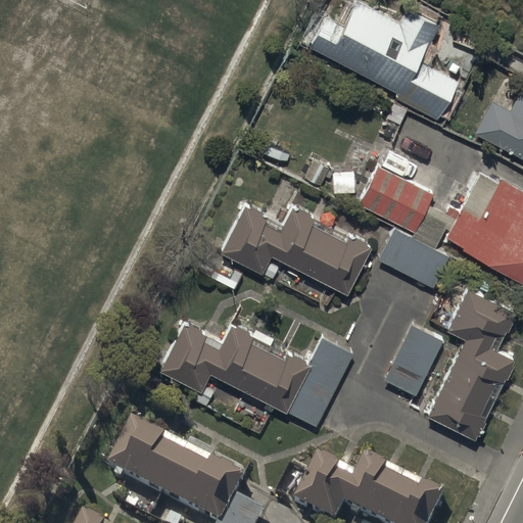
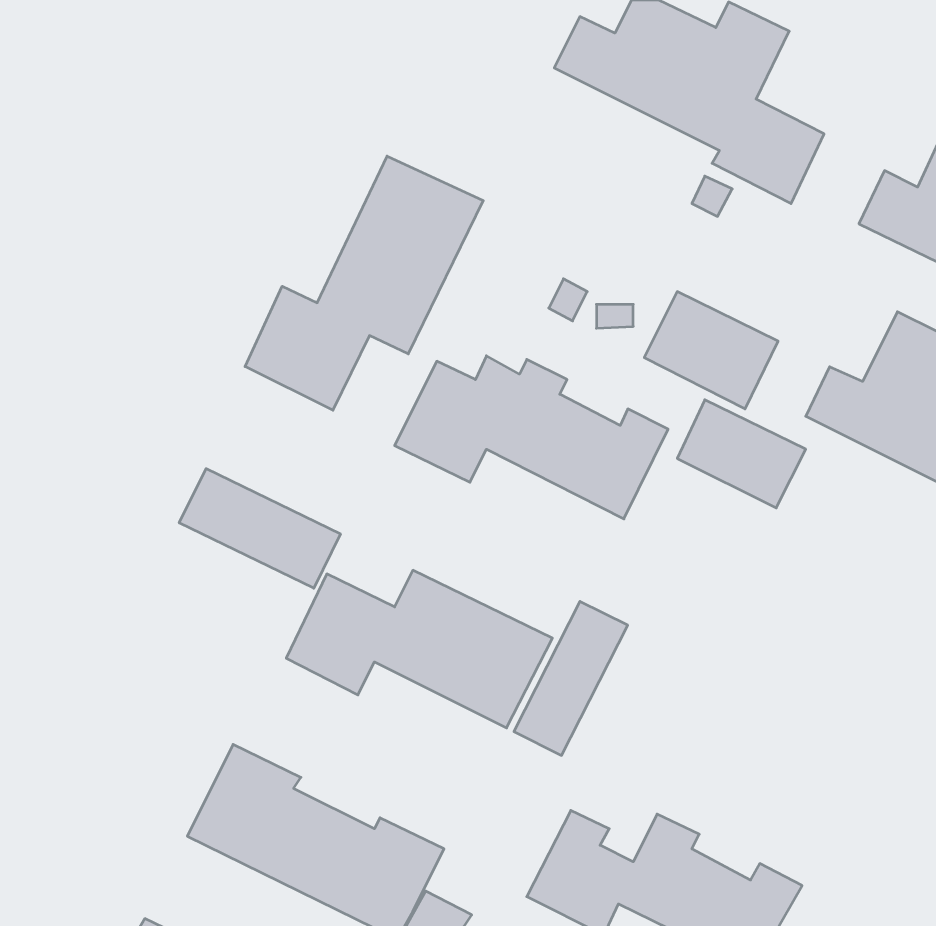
building: none -> [245,156,483,410]
building: none -> [179,469,340,588]
building: [427,289,515,438] -> none
building: [385,326,442,395] -> none

